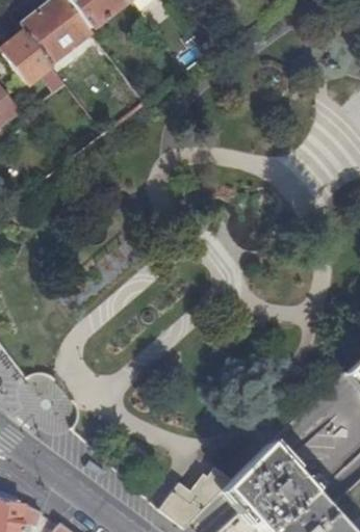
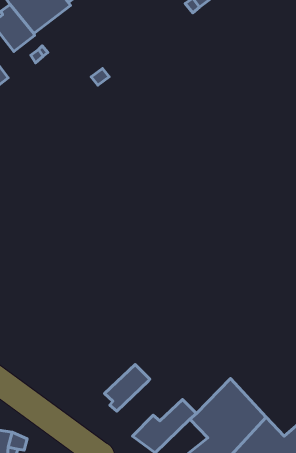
building: none -> [105,364,150,411]

